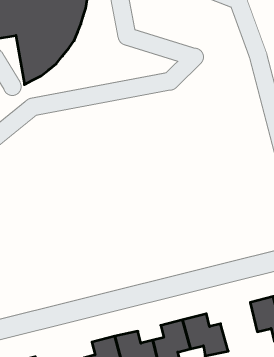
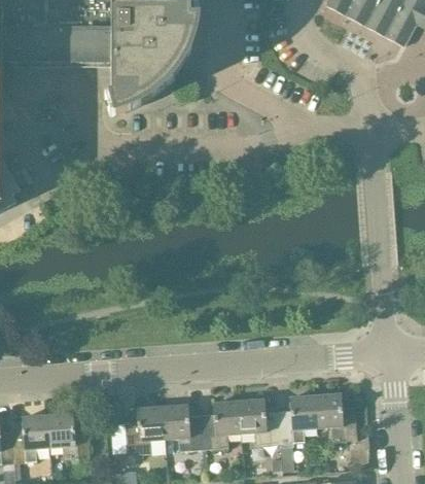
building: none -> [278,393,316,442]

